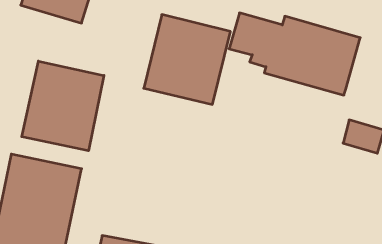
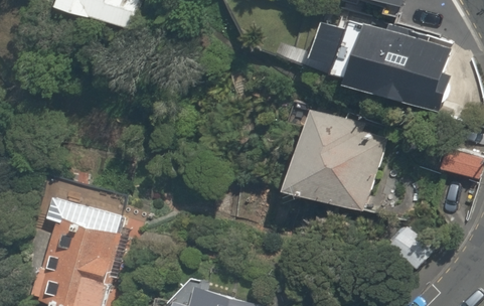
building: [144,15,230,104] -> [285,106,386,211]
building: [22,61,104,151] -> none

